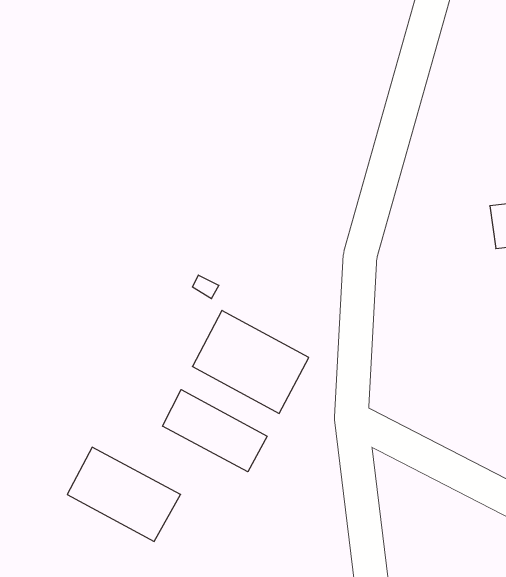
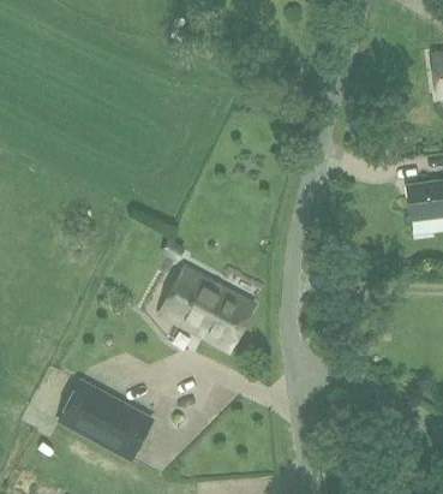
building: [163,390,267,472] -> none

